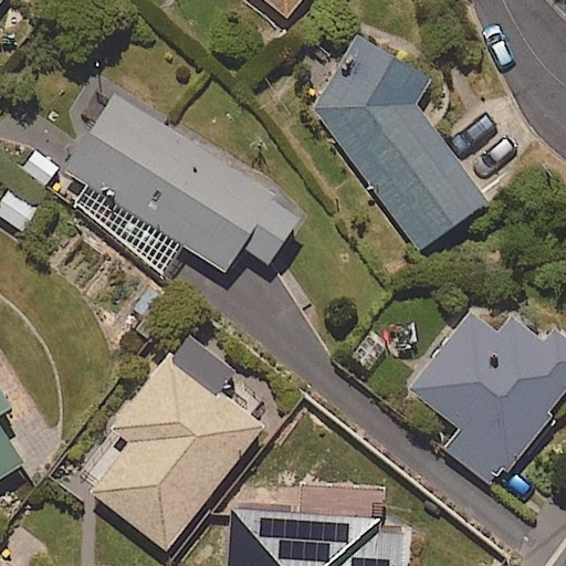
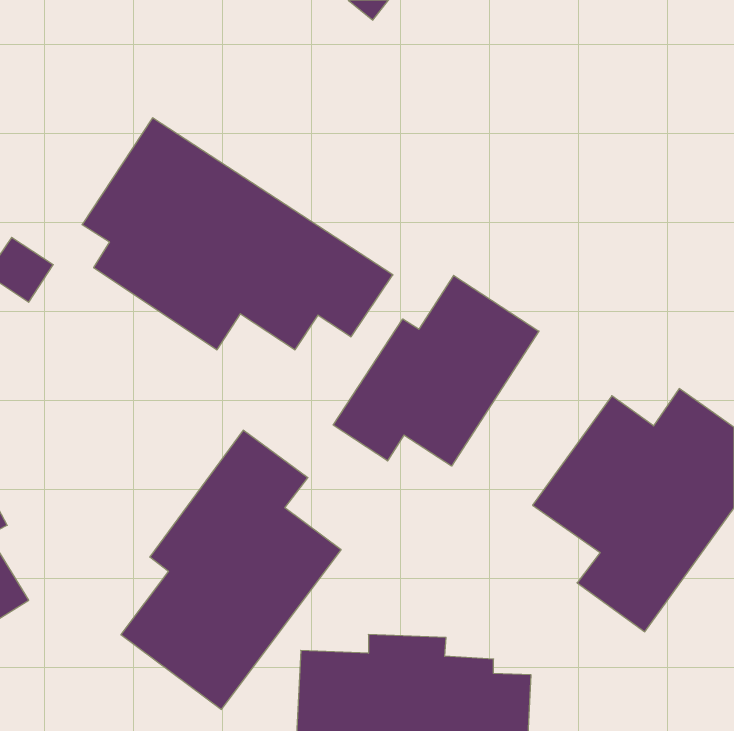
building: [314,32,491,252] -> none
building: none -> [333,275,539,466]

